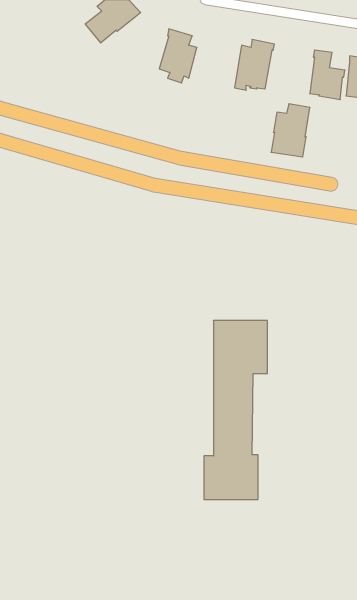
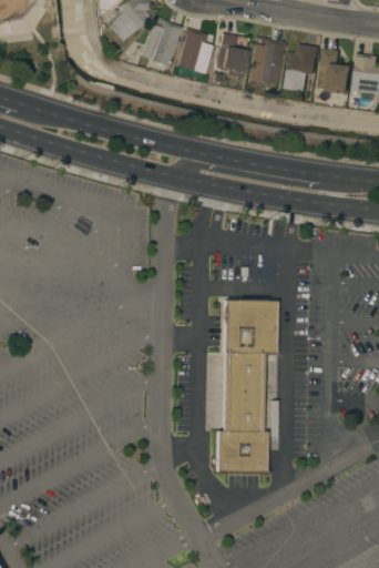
building: none -> [139,20,182,67]
building: none -> [214,33,247,78]
building: [271,104,310,157] -> [281,43,318,93]

